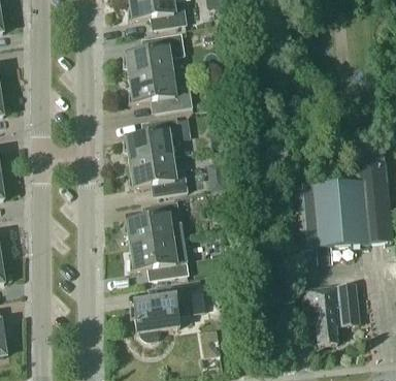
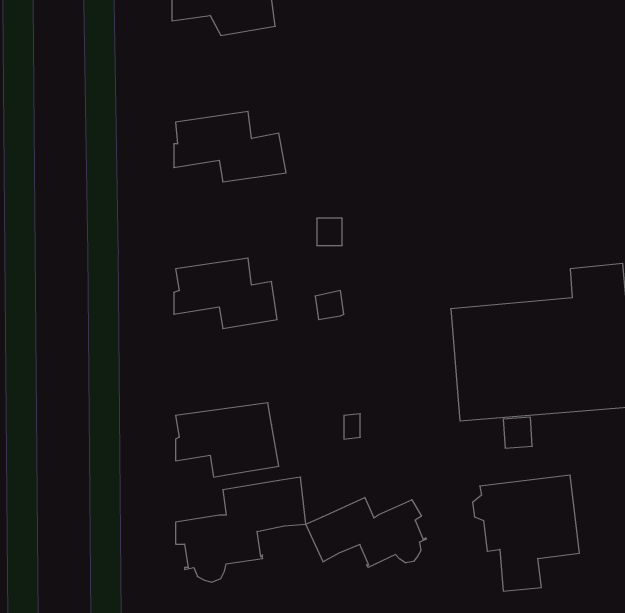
building: [124,33,186,78] -> none
building: [124,118,182,162] -> none
building: [125,201,184,246] -> none
building: none -> [306,497,426,567]

